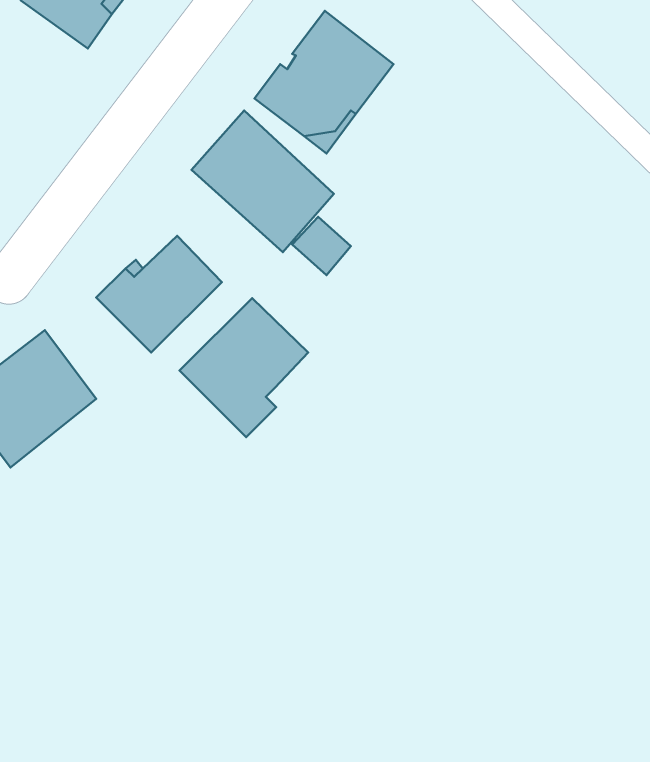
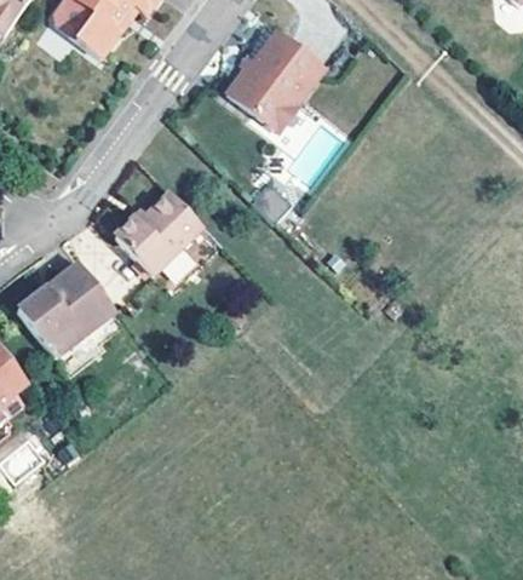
building: [191,110,334,252] -> none
building: [180,298,308,437] -> none

